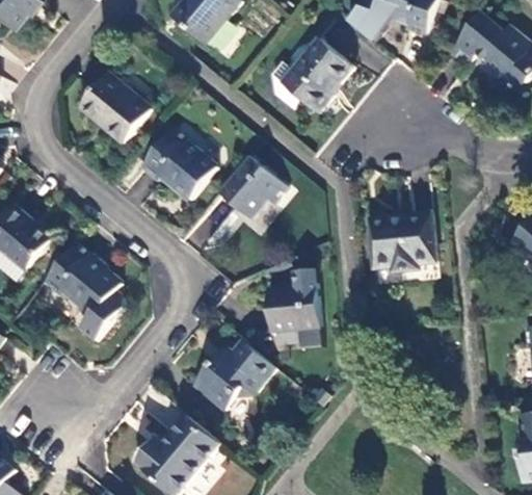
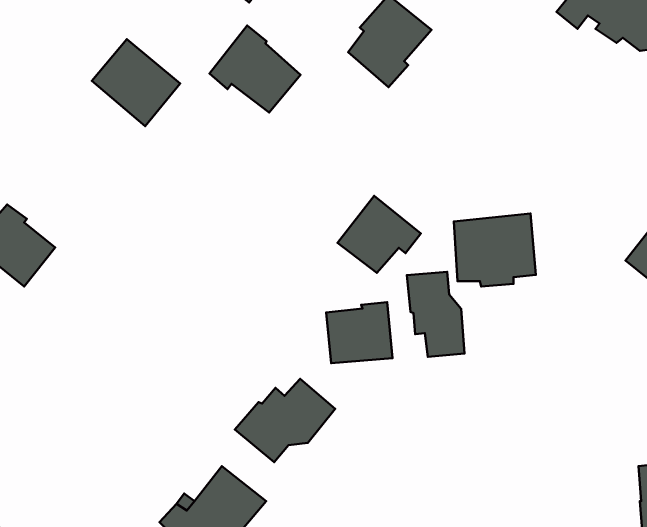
building: [142,128,215,198] -> [209,25,301,113]
building: [217,156,284,217] -> [338,196,421,273]
building: [43,241,124,341] -> none
building: none -> [407,272,464,357]

